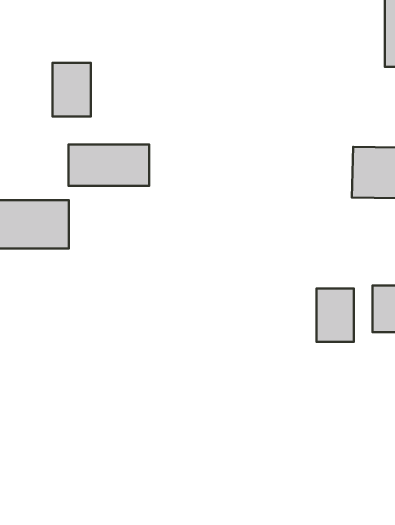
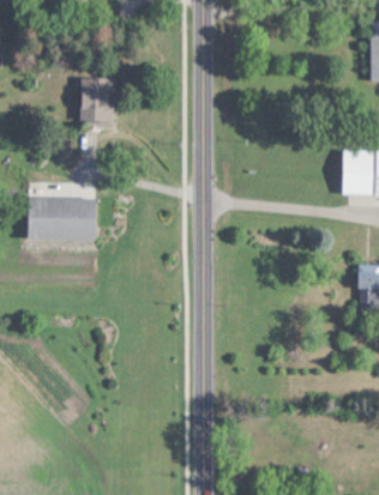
building: [68,145,149,186] -> none
building: [316,288,354,342] -> none

